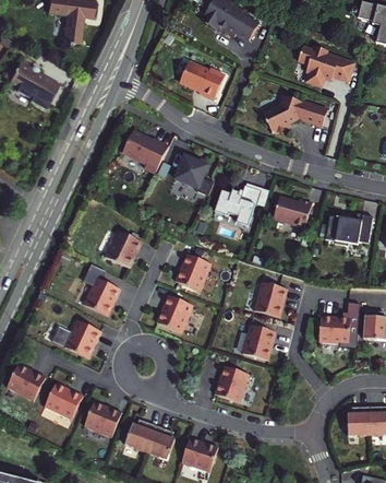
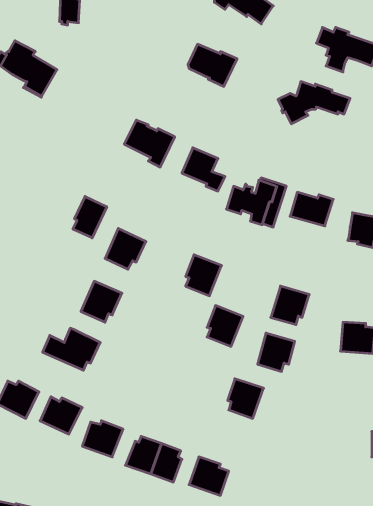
building: none -> [73,196,107,238]
building: [159,294,192,331] -> [207,306,243,346]

